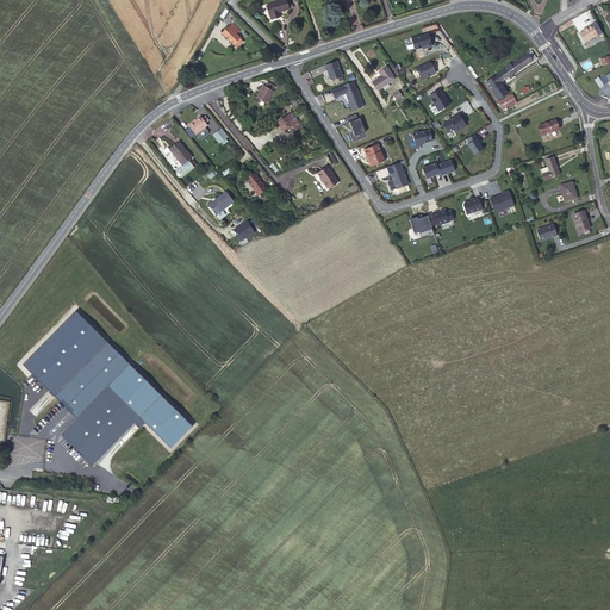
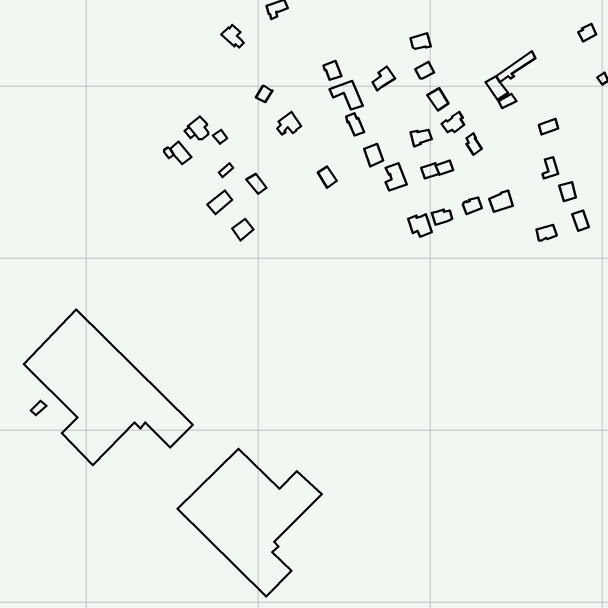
building: none -> [178,449,322,596]

